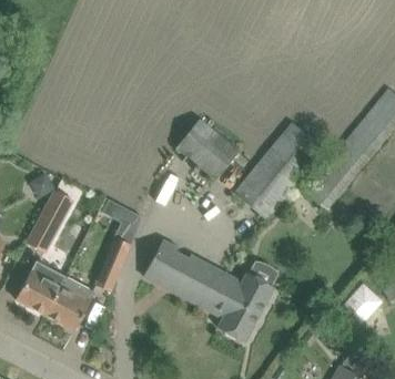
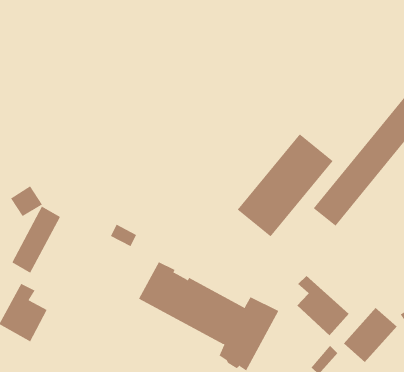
building: [176,119,239,178] -> none
building: [94,237,130,290] -> none
building: none -> [296,275,350,336]
building: [44,276,94,330] -> none

